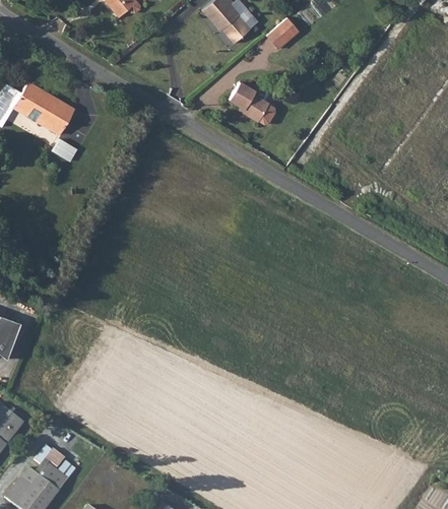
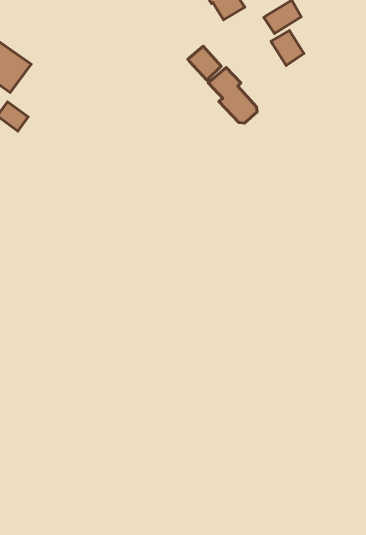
building: none -> [271,30,304,66]
building: none -> [188,46,221,80]

